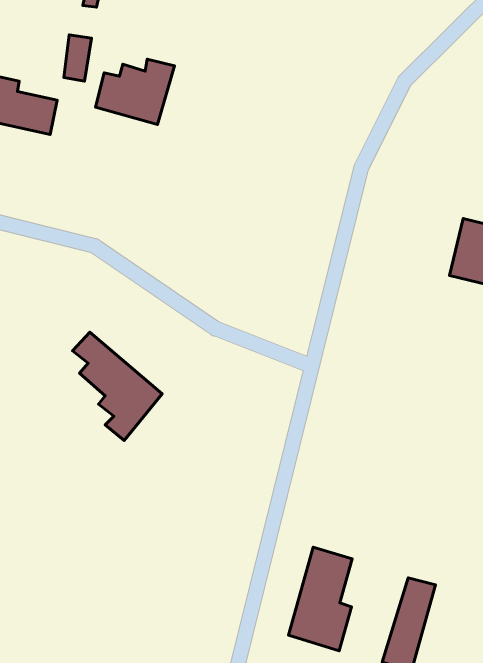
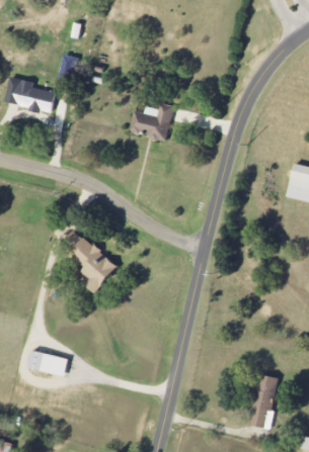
building: [95,59,175,124] -> [129,103,175,142]
building: none -> [28,350,69,377]
building: [288,547,352,651] -> none

